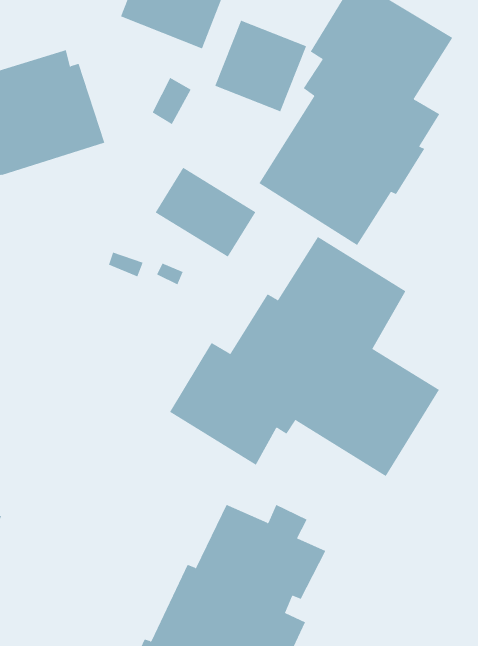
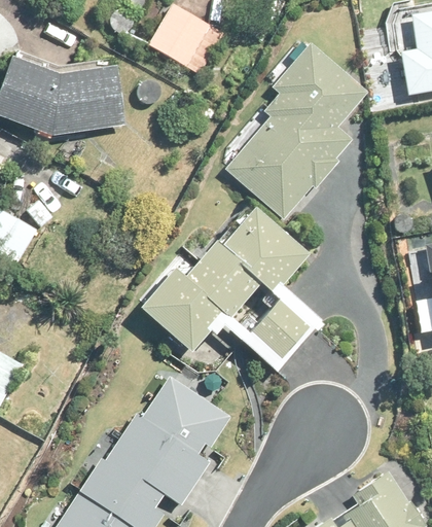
building: [214,20,307,112] -> none
building: [155,167,256,258] -> none

